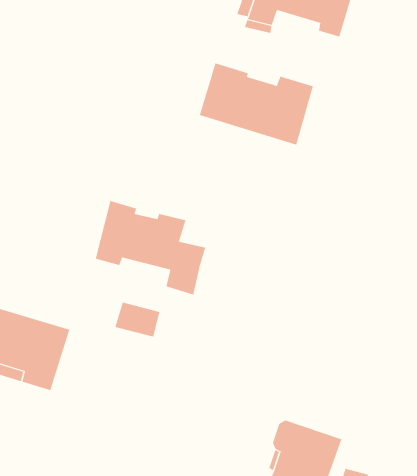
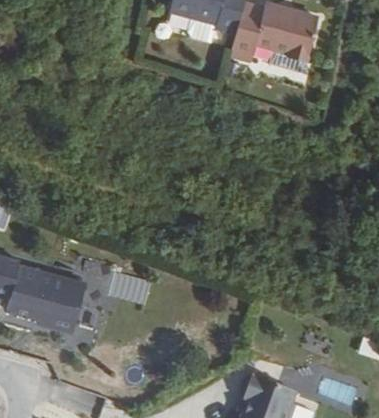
building: [199,63,314,145] -> none
building: [95,200,206,296] -> none

